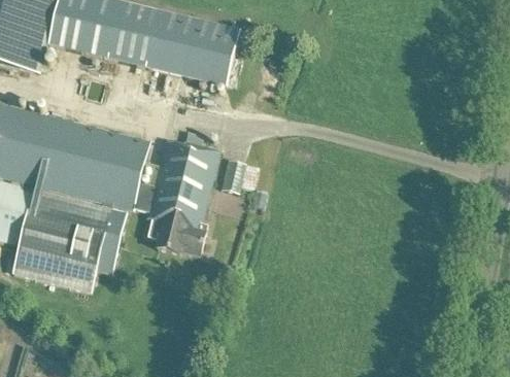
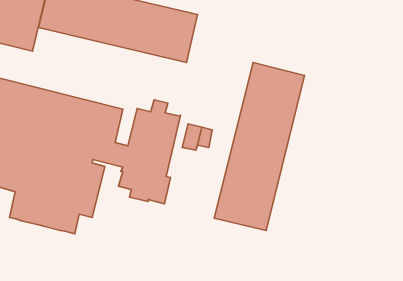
building: none -> [214,63,305,230]

